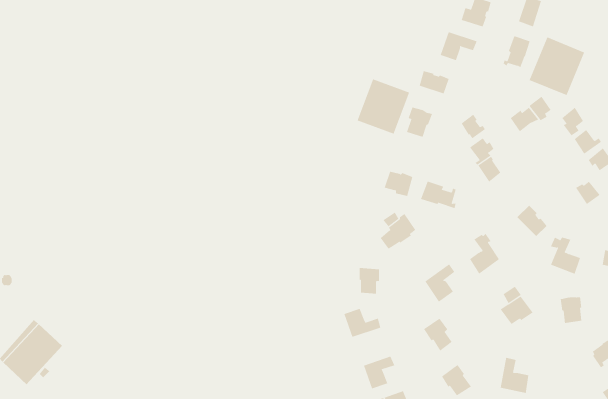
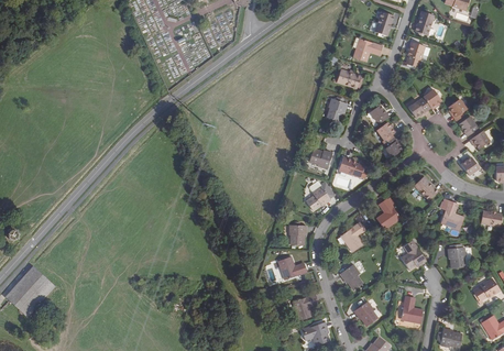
building: [529,37,585,96] -> none
building: [357,78,410,135] -> none

